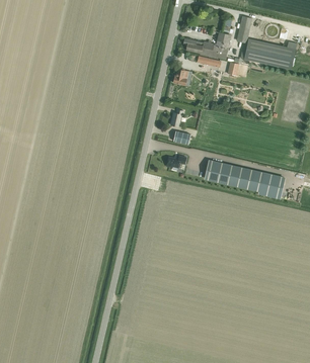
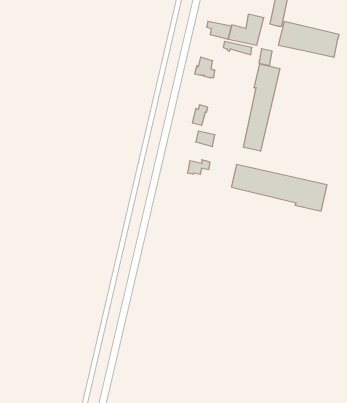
building: none -> [243,64,280,151]

